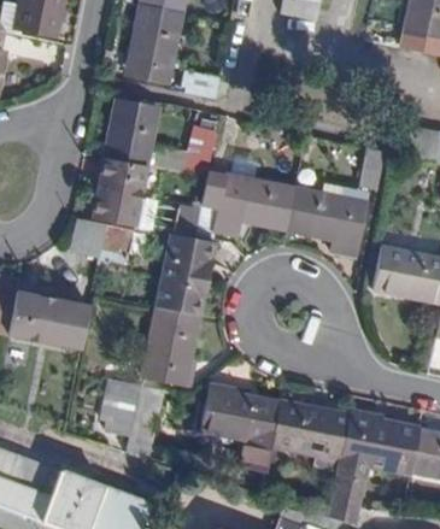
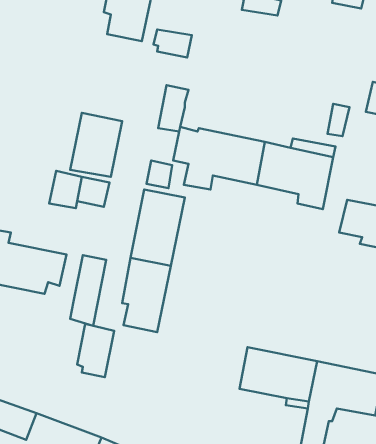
building: [105,100,159,166] -> none
building: [125,384,163,458] -> [70,255,106,326]
building: [200,388,277,475] -> none

